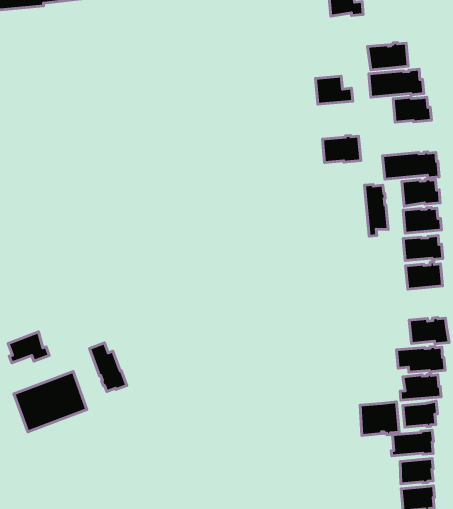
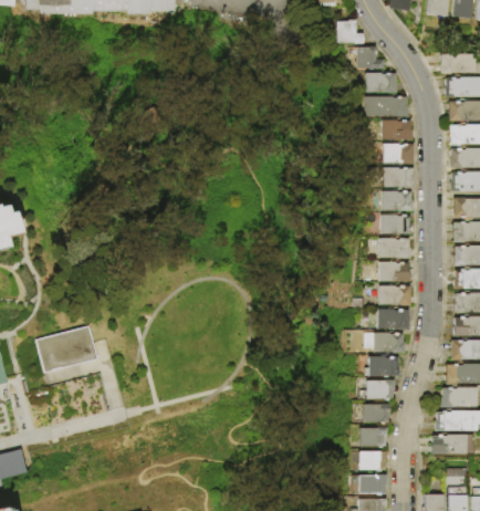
building: [315,76,353,104] -> [354,46,384,69]
building: [322,135,361,163] -> [383,142,414,164]
building: [365,185,388,236] -> none
building: none -> [380,284,410,305]
building: [8,332,49,363] -> none
building: [89,343,127,392] -> none
building: [360,402,399,435] -> none

